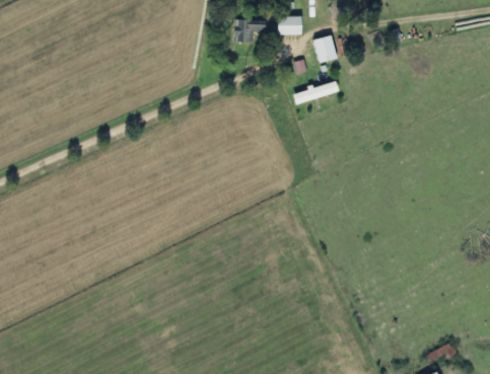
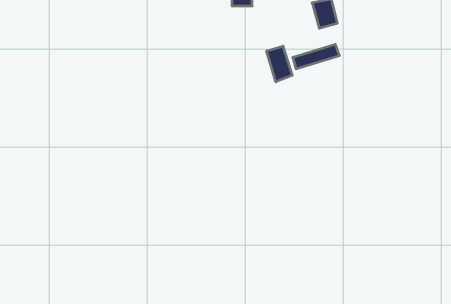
building: none -> [267,46,292,82]

